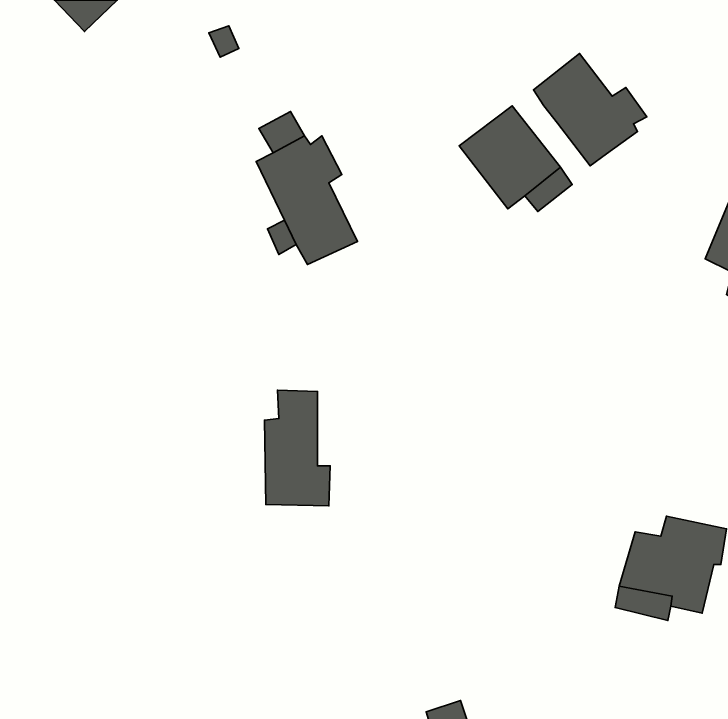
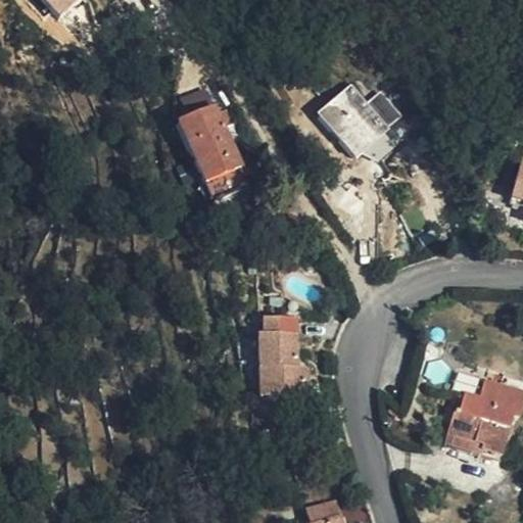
building: [534,53,647,166] -> none
building: [265,390,330,506] -> [254,325,301,408]

